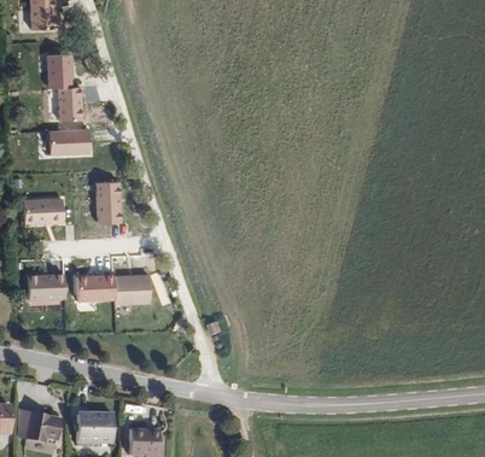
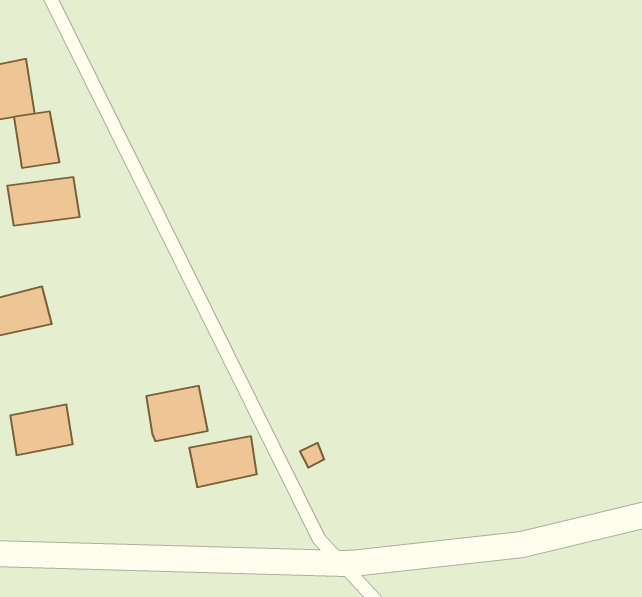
building: [92,180,118,223] -> none
building: [75,274,115,300] -> [189,436,257,487]

